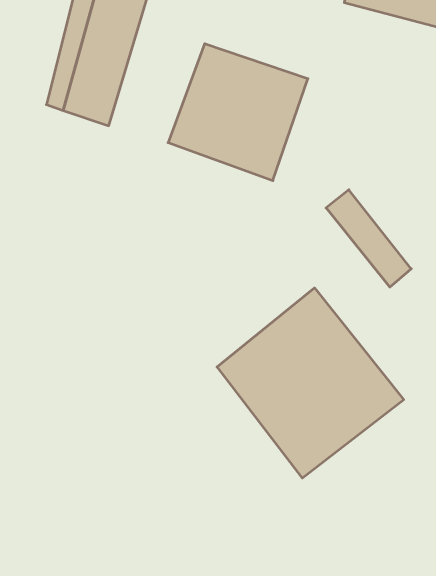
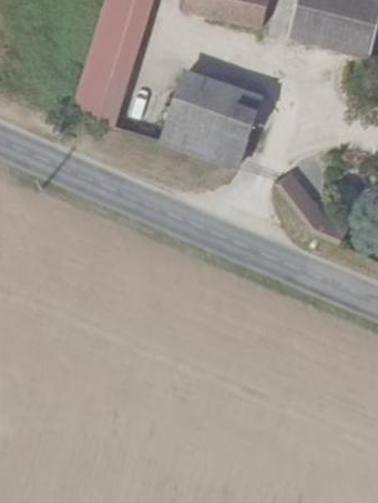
building: [217,288,404,478] -> none

